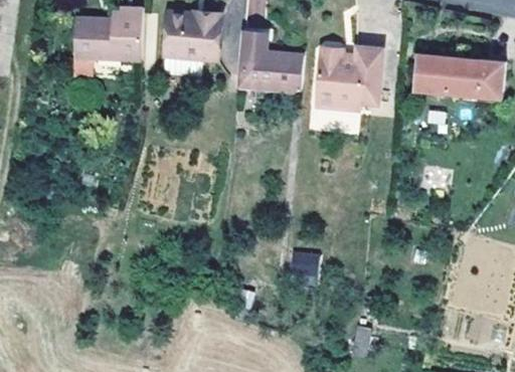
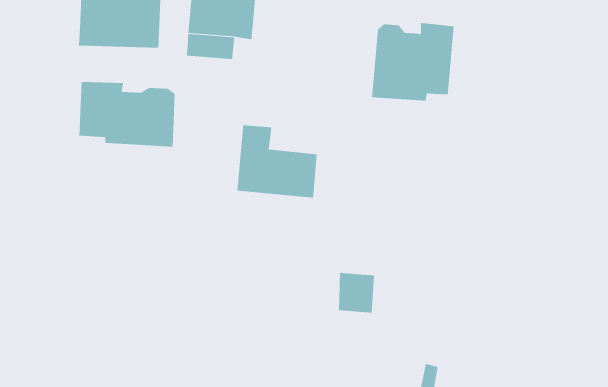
building: [237,31,304,91] -> [236,125,317,198]
building: [412,55,505,100] -> none
building: none -> [79,81,175,148]

